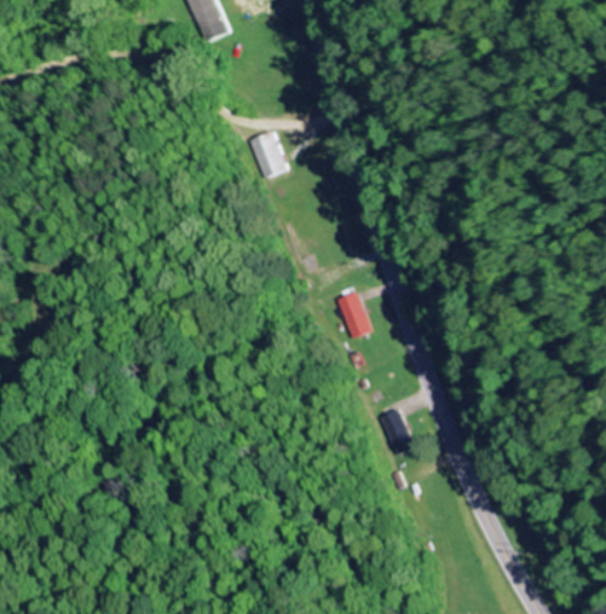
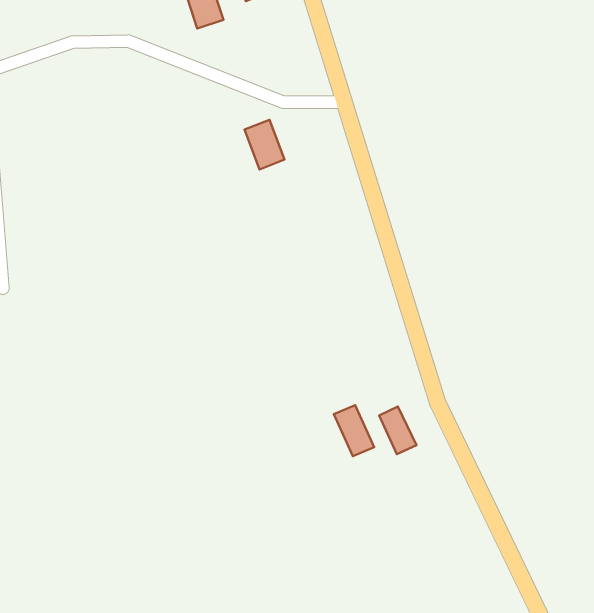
building: [340,290,371,336] -> none
building: none -> [334,405,374,456]

